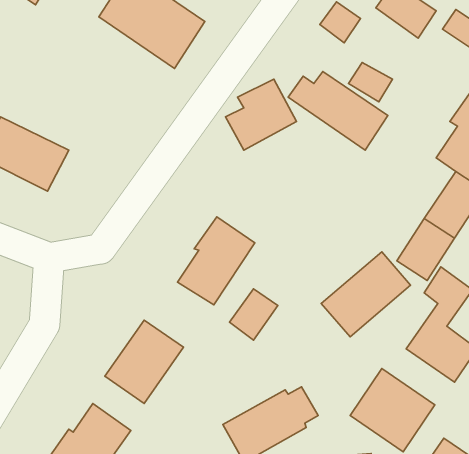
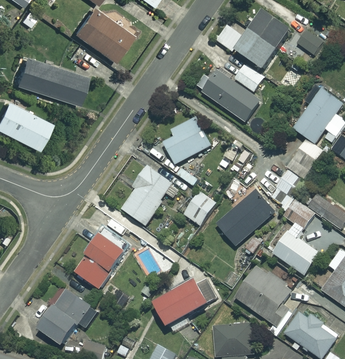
building: none -> [238,29,282,71]
building: none -> [15,57,86,105]
building: [226,79,297,150] -> [165,118,212,165]
building: [229,289,278,340] -> [185,192,217,226]

